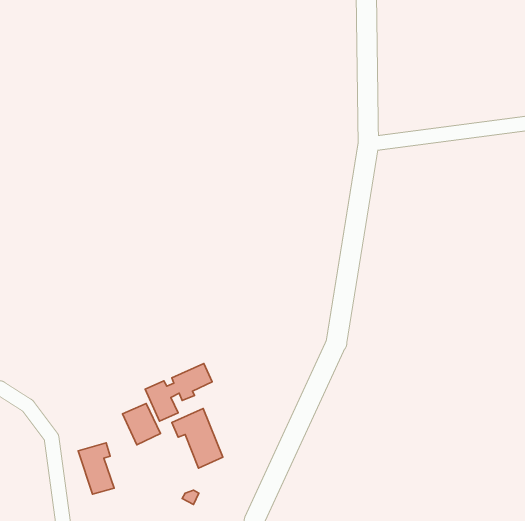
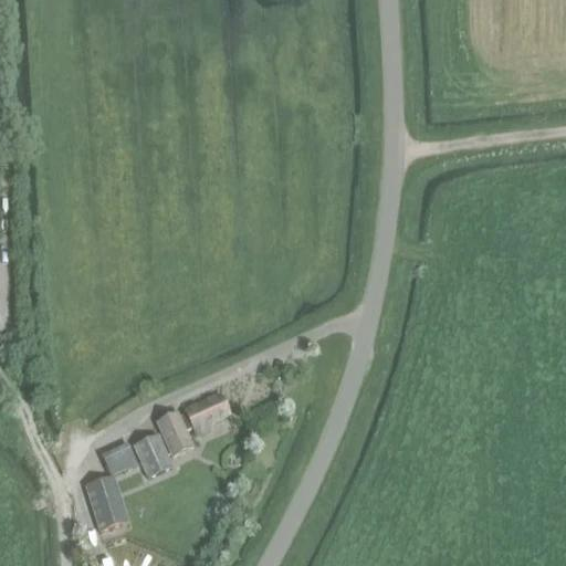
building: [172,409,223,468] -> none
building: none -> [101,442,135,473]

